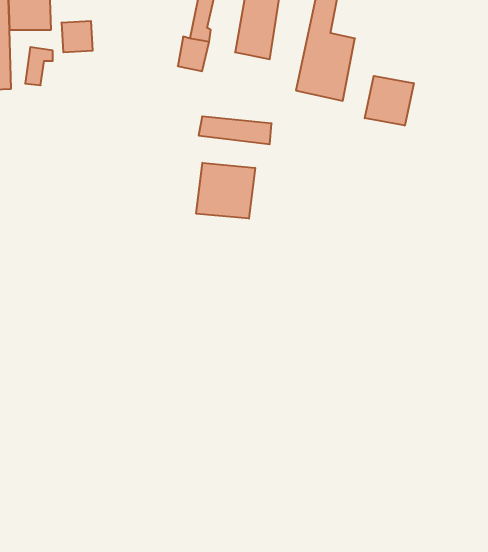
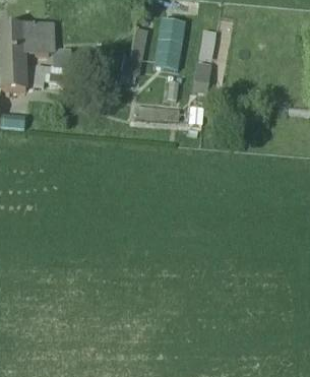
building: [365,76,414,126] -> none
building: [196,163,255,219] -> none

